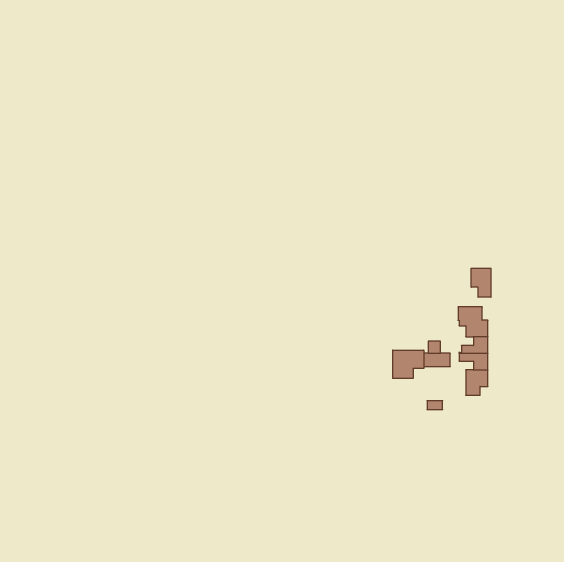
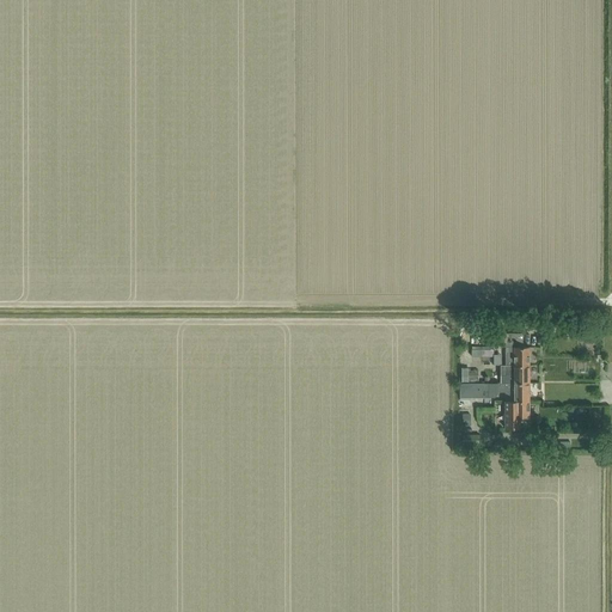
building: [471,268,491,297] -> none
building: [393,350,424,378] -> none

